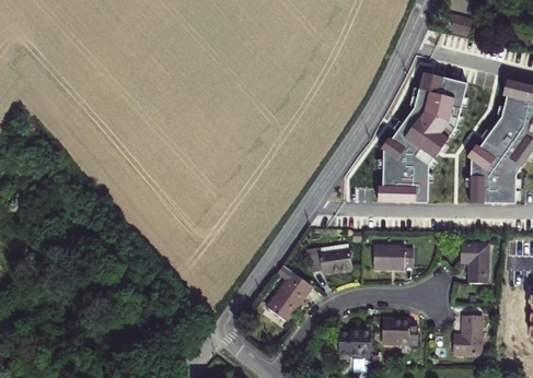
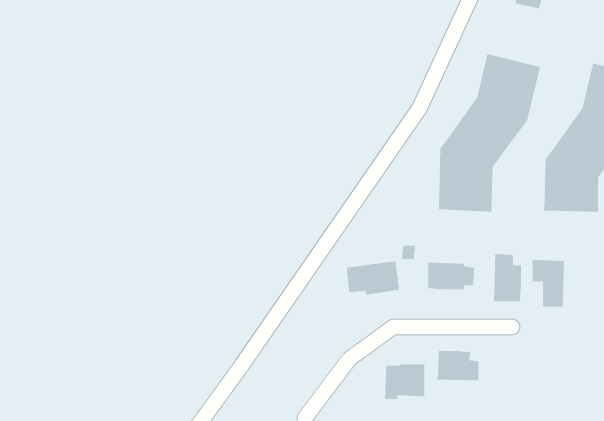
building: none -> [493,253,522,302]
building: [266,263,311,320] -> none
building: [452,315,480,354] -> none

